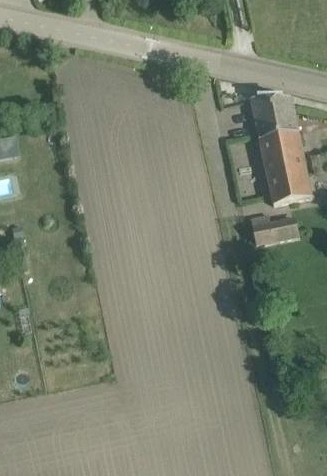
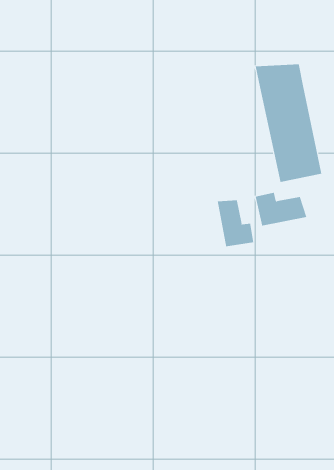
building: none -> [217,200,254,247]

